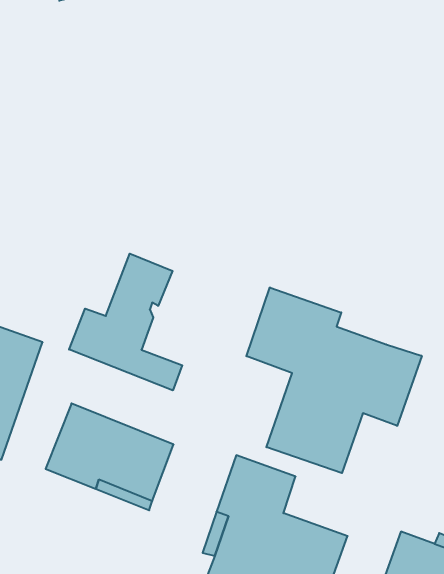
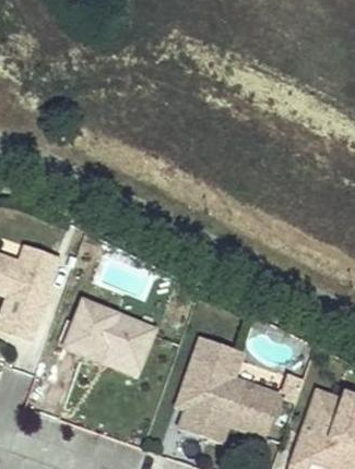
building: [69,254,182,390] -> none
building: [246,287,422,473] -> none

